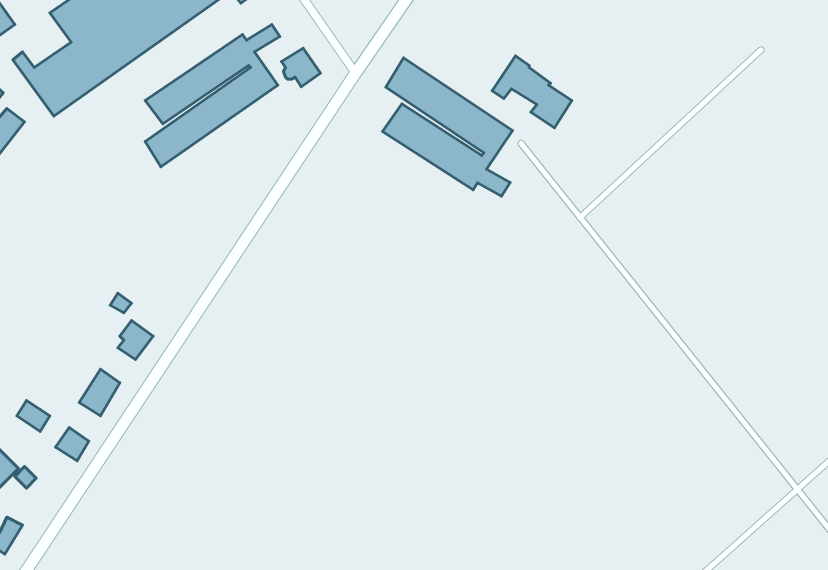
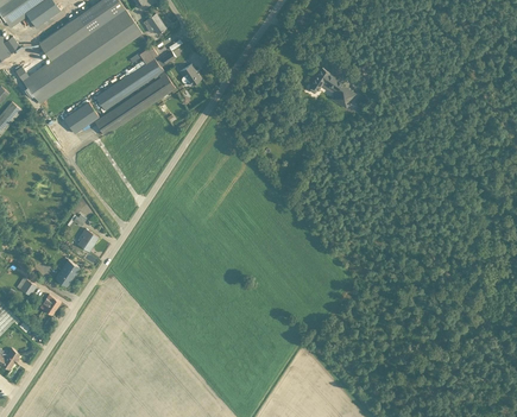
building: [382,58,512,196] -> none
building: none -> [61,101,96,133]

